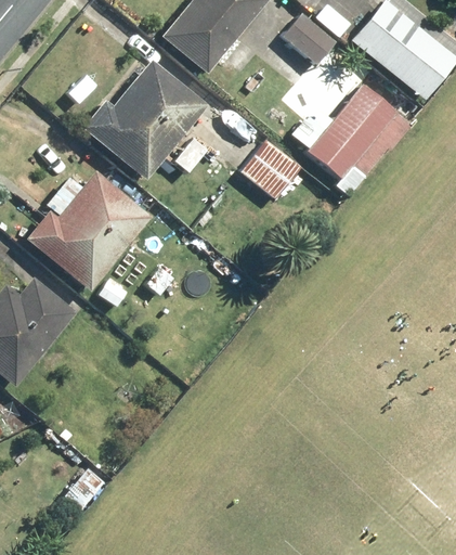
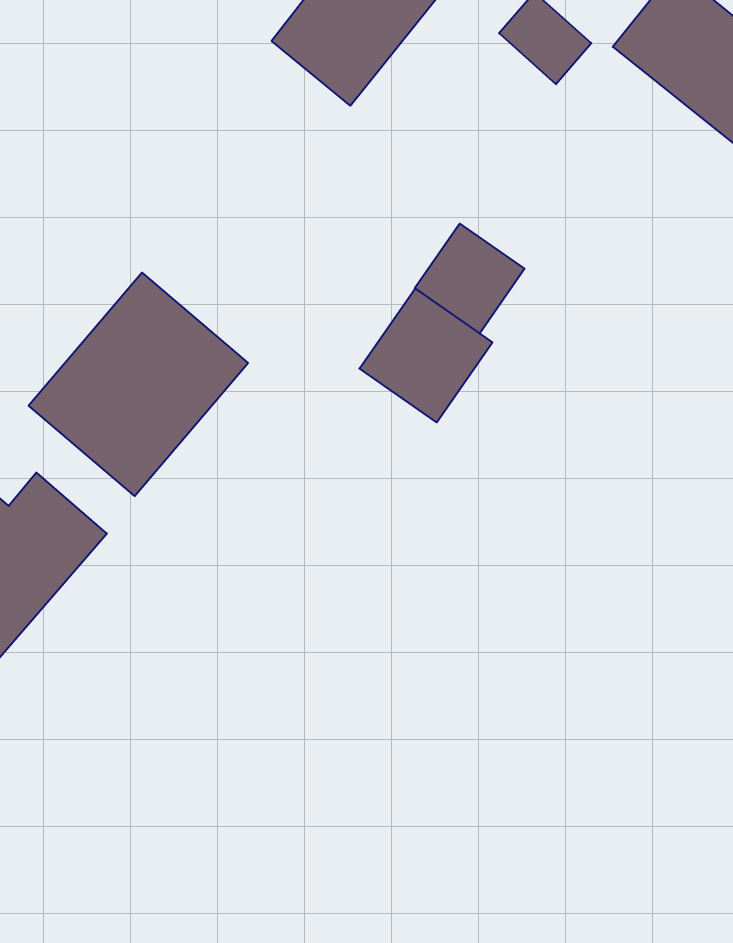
building: [86,59,205,180] -> none
building: [309,82,401,178] -> none
building: none -> [359,289,492,422]

